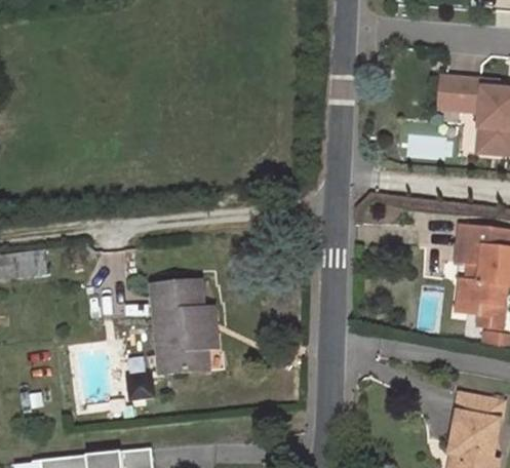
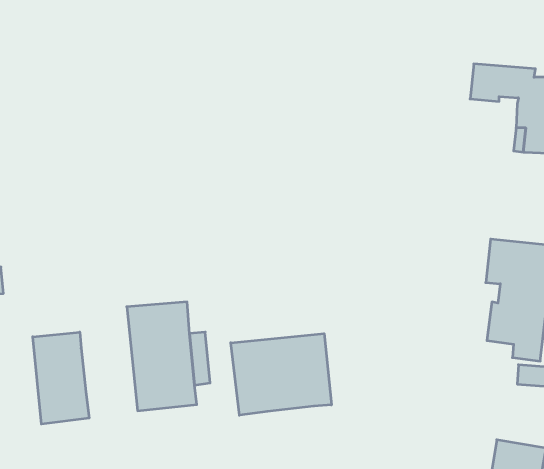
building: none -> [33,332,89,424]
building: none -> [231,334,331,415]

